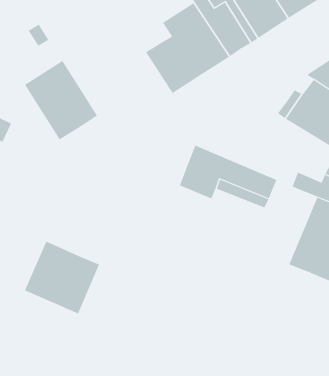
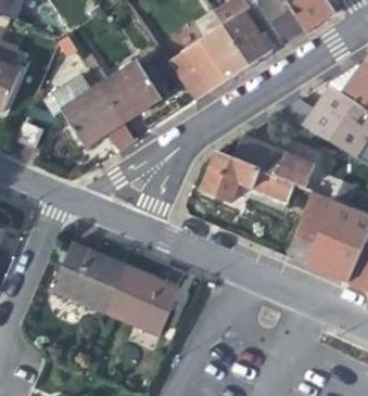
building: none -> [86,55,162,122]
building: none -> [232,135,316,188]
building: none -> [285,191,334,265]
building: none -> [105,265,180,335]

